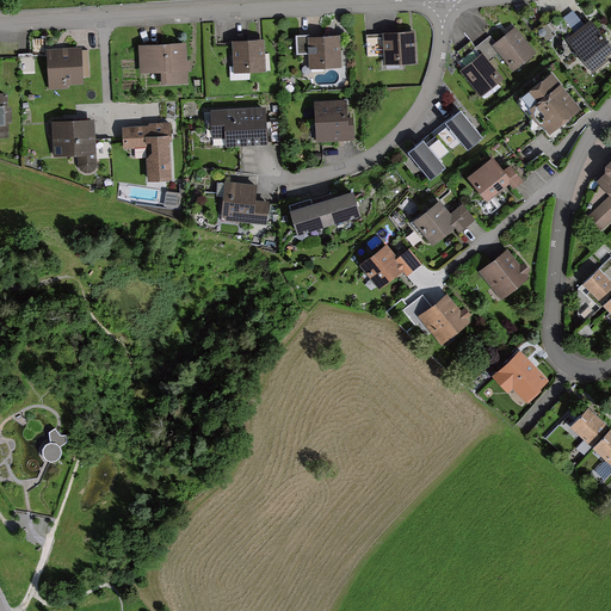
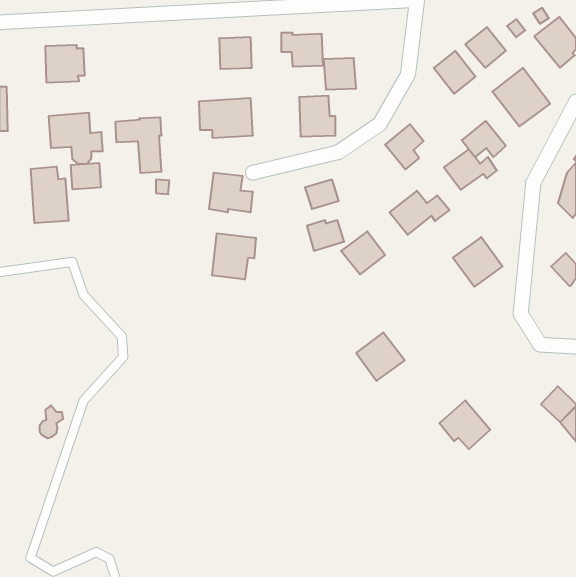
building: [383,31,418,64] -> [323,58,356,90]
building: [140,44,187,85] -> none
building: [433,111,480,149] -> [462,121,506,157]
building: none -> [71,163,101,189]
building: none -> [31,166,68,223]
building: [290,198,329,230] -> [307,220,344,251]
building: none -> [212,233,256,280]
building: [418,295,469,346] -> [356,332,405,381]
building: [493,351,547,402] -> [439,400,490,449]

